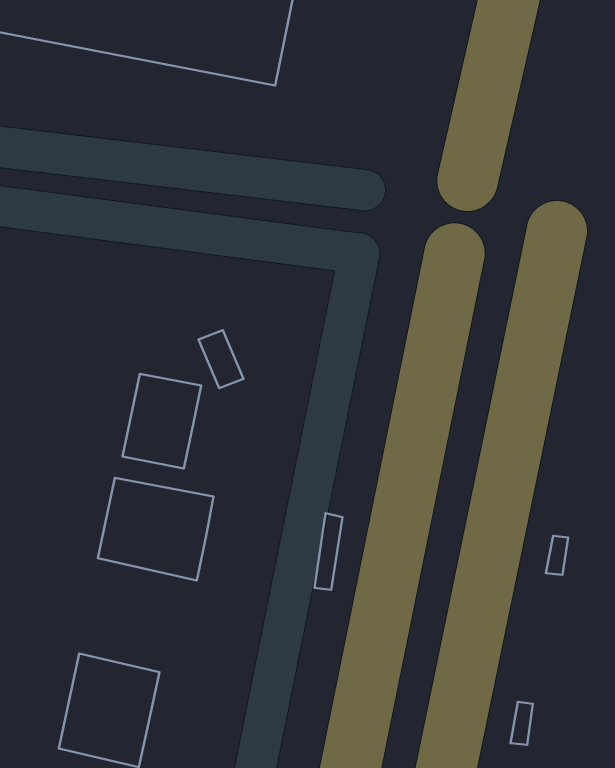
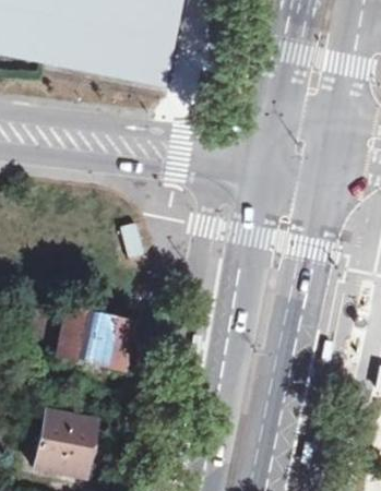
building: [122,374,201,468] -> none

